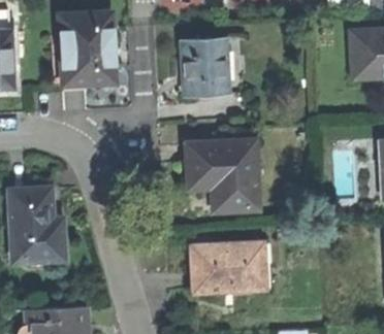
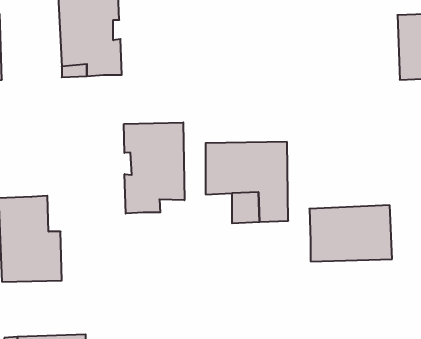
building: [182,37,228,94] -> none
building: none -> [124,122,184,214]
building: [195,241,266,290] -> [309,205,392,261]

